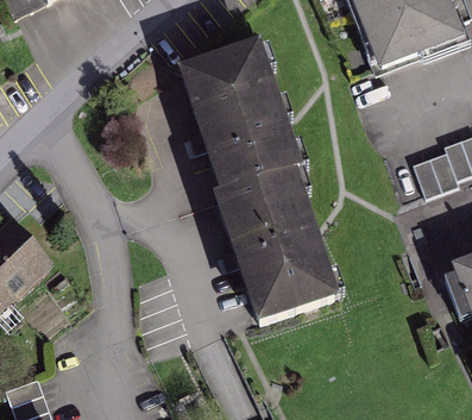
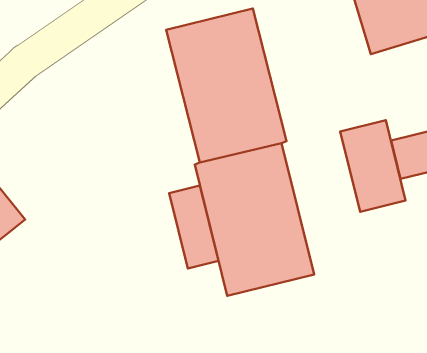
building: none -> [340,120,406,212]
building: none -> [169,185,219,269]

